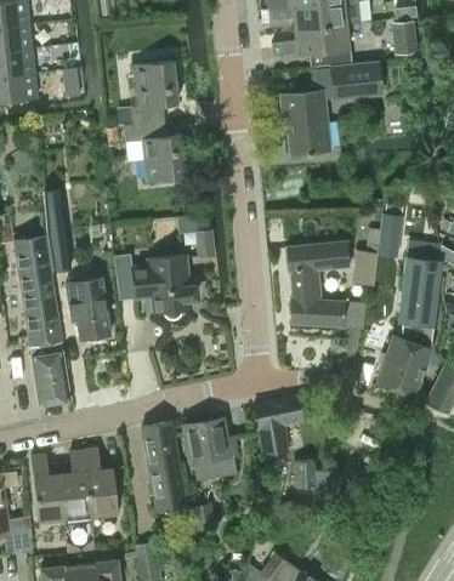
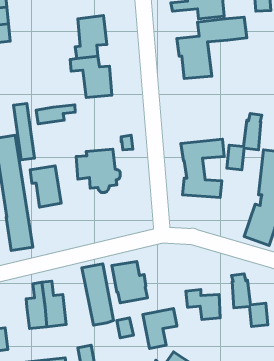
building: none -> [36,105,75,124]
building: [254,398,303,456] -> [143,309,177,348]
building: none -> [231,274,268,327]
building: [30,455,64,520] -> none

